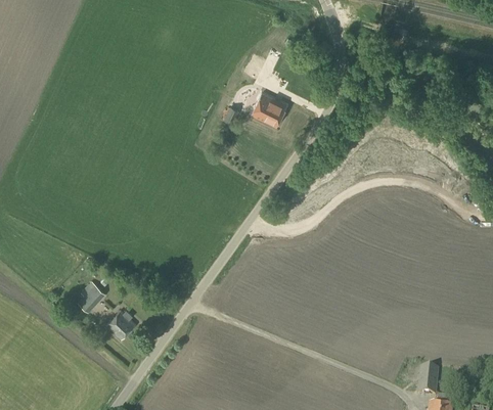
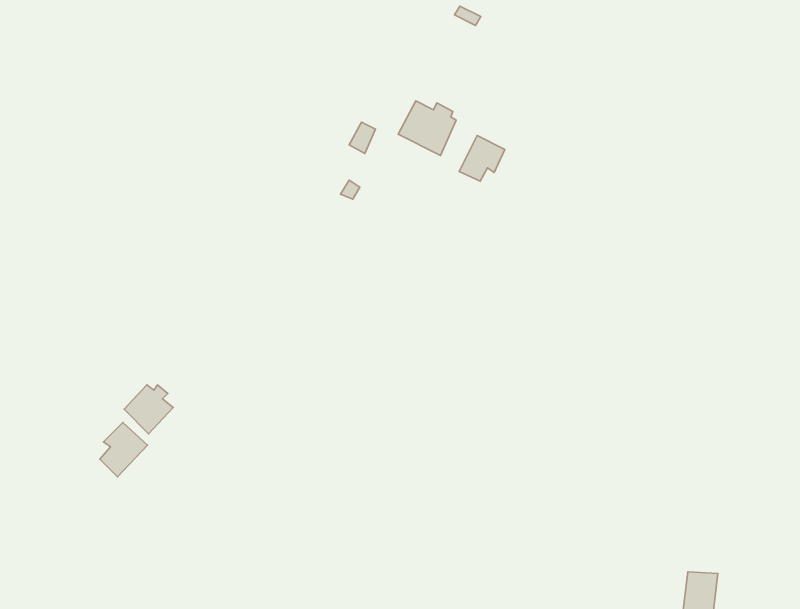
building: none -> [459,135,505,181]
building: [107,309,136,337] -> [124,385,173,434]

